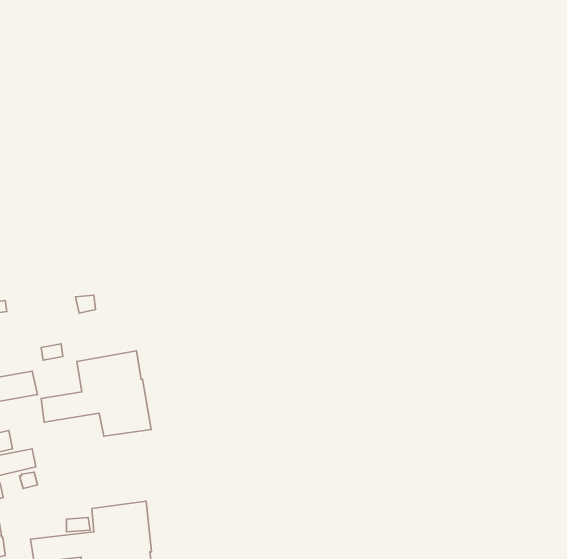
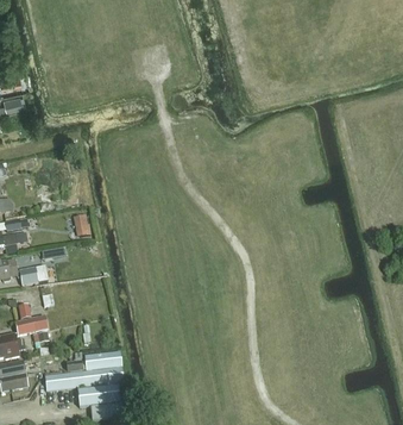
building: [41,351,151,436] -> none

